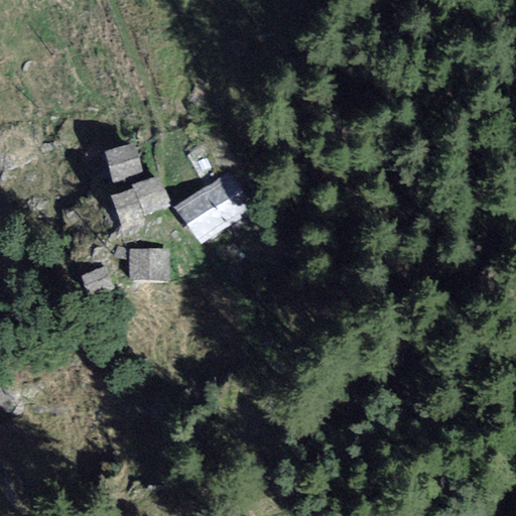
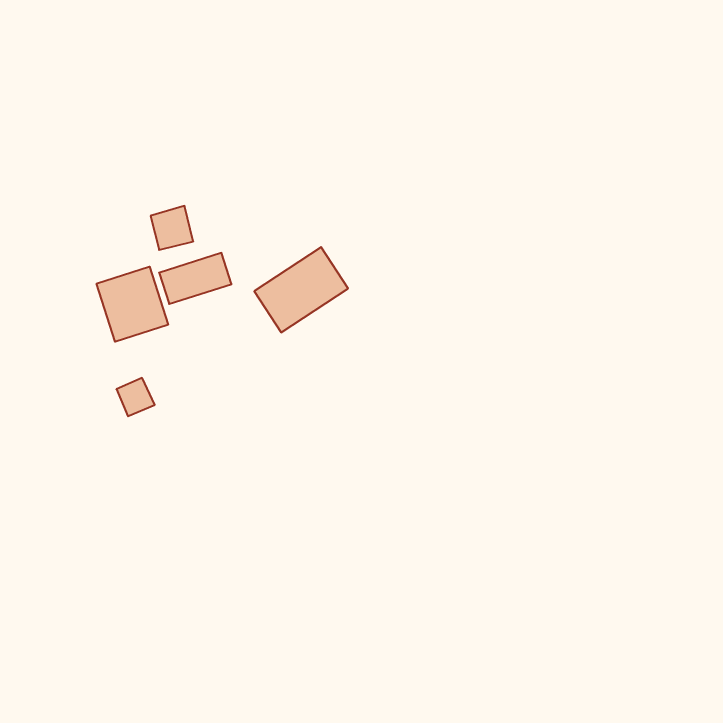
building: none -> [97,267,168,342]
building: [131,250,163,275] -> none

